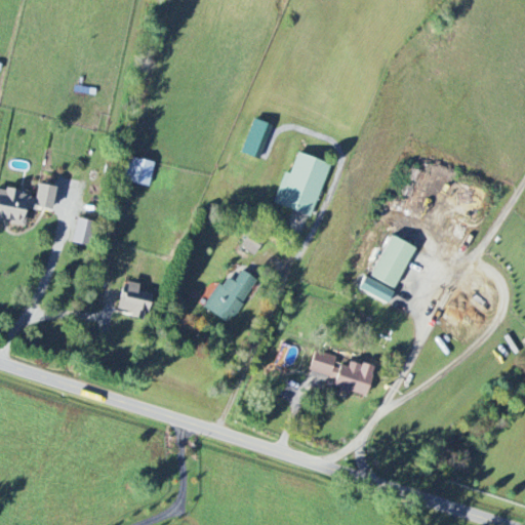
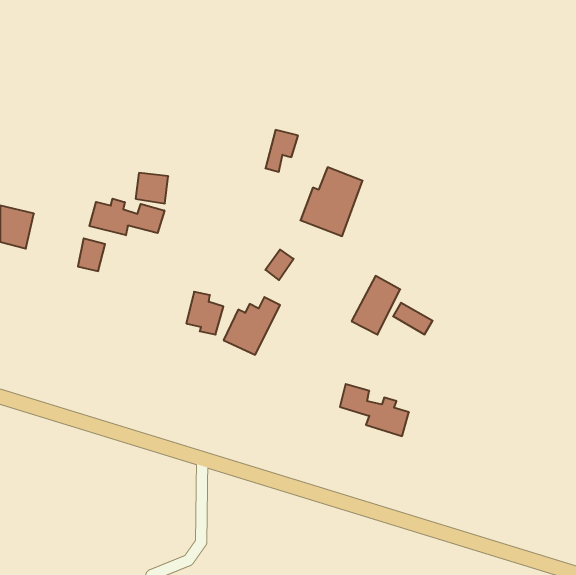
building: none -> [89,199,164,235]
building: [30,183,55,209] -> none
building: [370,235,414,288] -> [352,276,400,335]
building: [118,280,152,319] -> [186,292,223,335]

